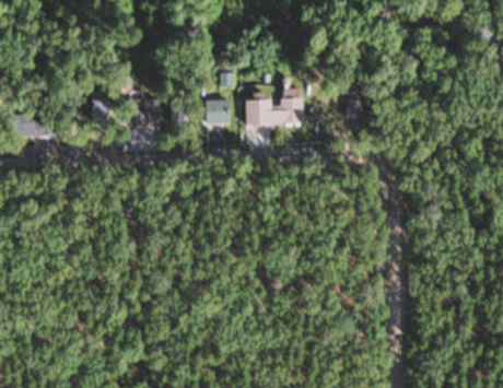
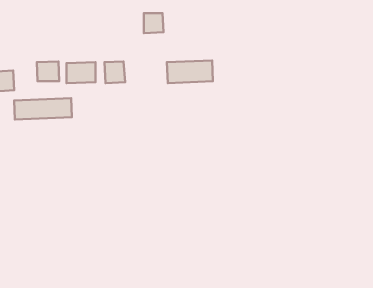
building: [207,101,231,125] -> [144,13,164,33]
building: none -> [14,98,72,119]

